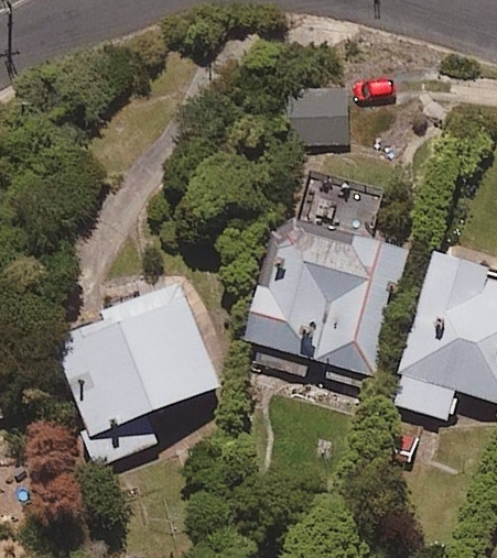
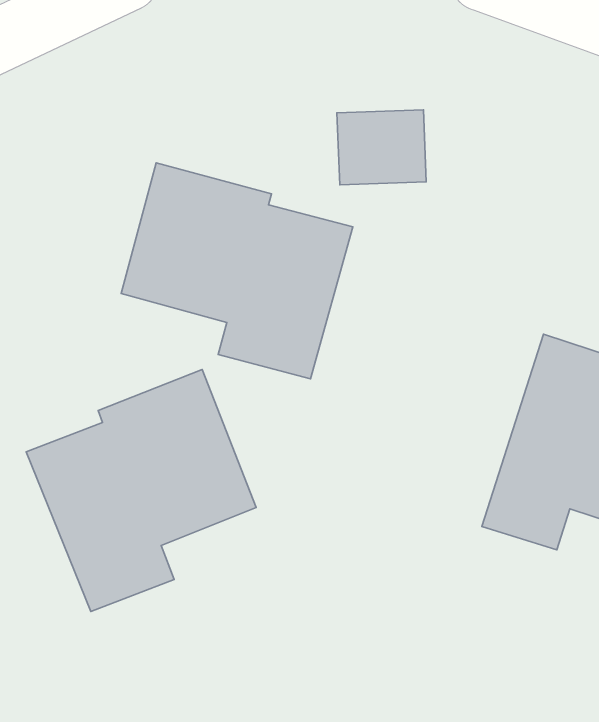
building: none -> [121,163,353,379]
building: [245,230,409,390] -> none

